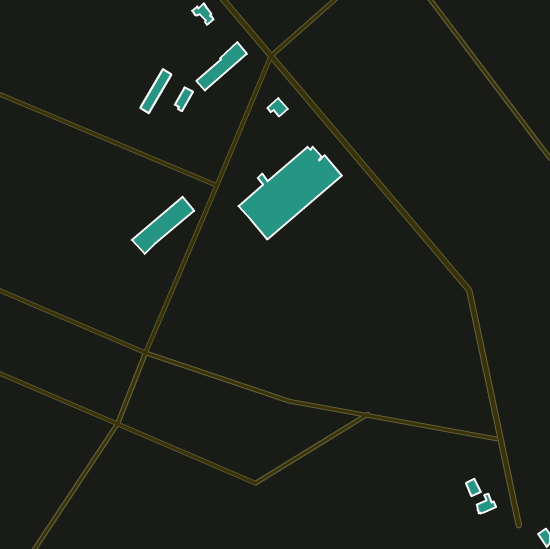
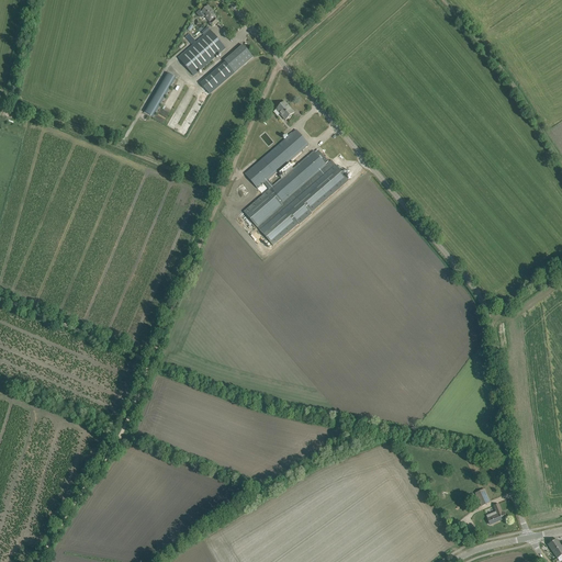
building: none -> [178,25,225,74]
building: [132,197,194,254] -> [244,128,307,187]

